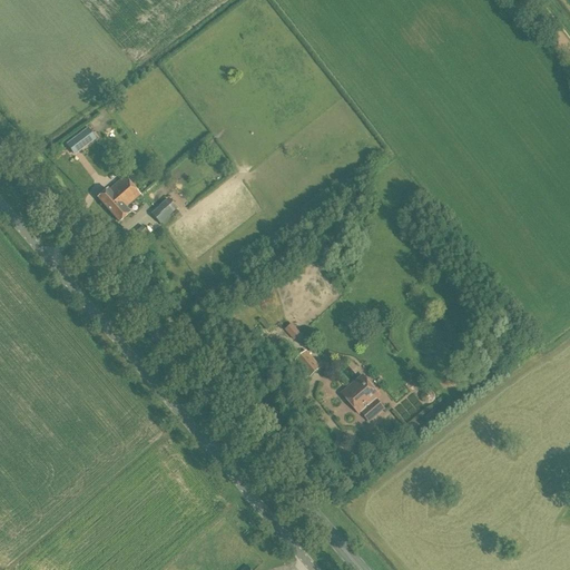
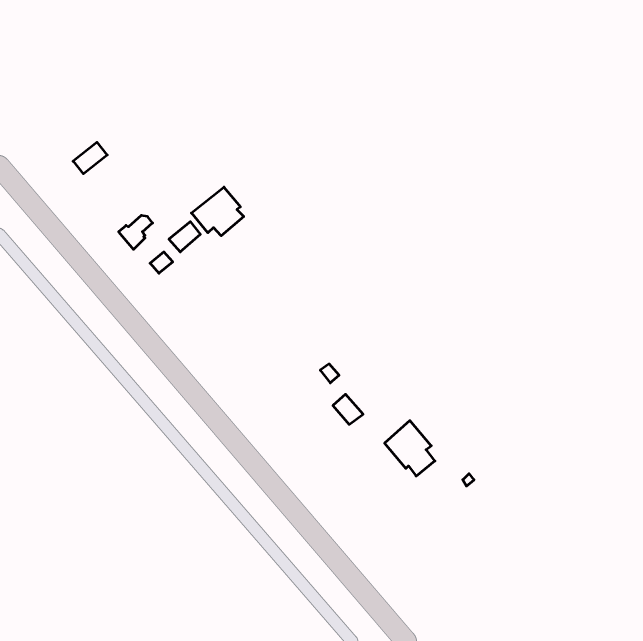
building: none -> [191,187,244,236]
building: [96,175,139,205] -> none

